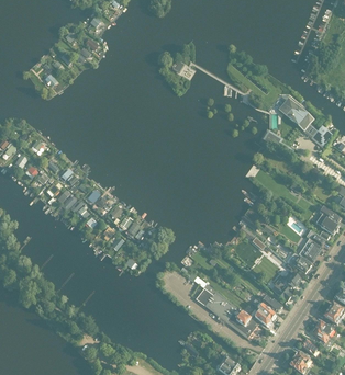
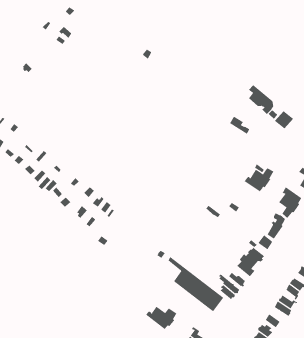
building: none -> [244,167,274,192]
building: none -> [145,306,177,330]

